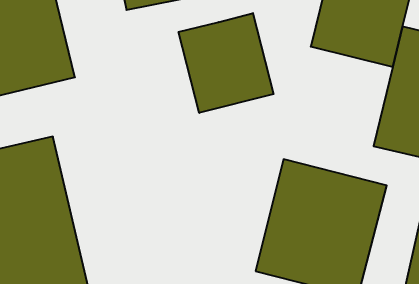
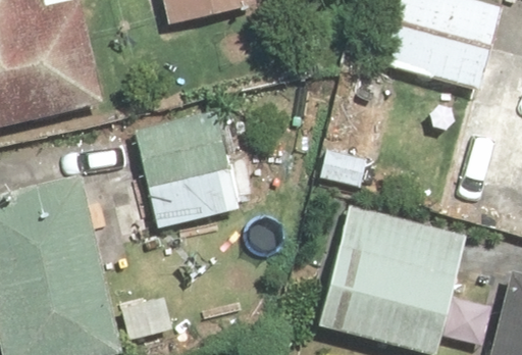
building: [179,13,274,113] -> none
building: none -> [134,104,242,230]

